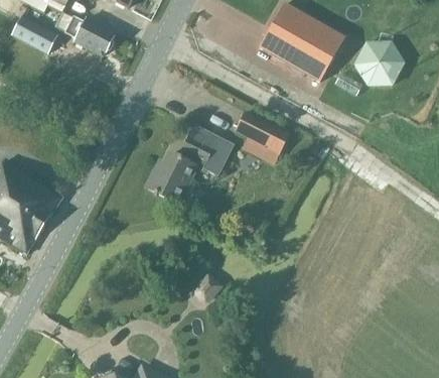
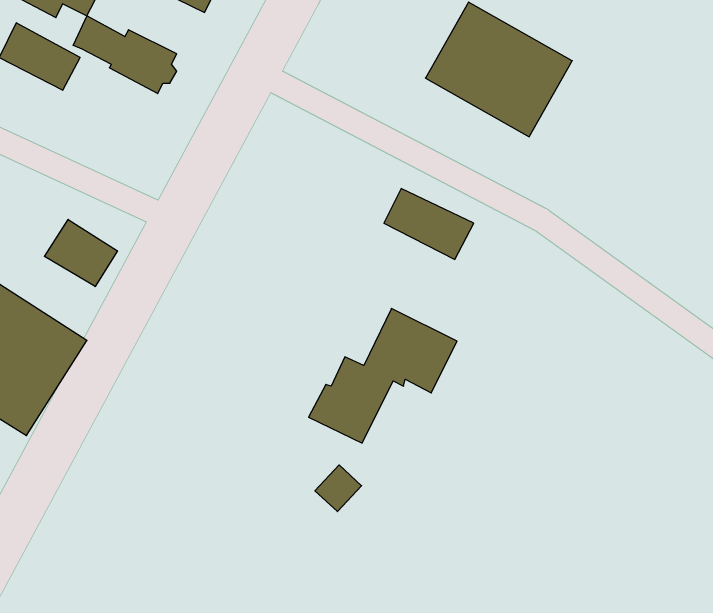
building: [358,37,396,83] -> none
building: [146,125,233,204] -> [309,308,457,443]
building: none -> [44,219,117,287]

